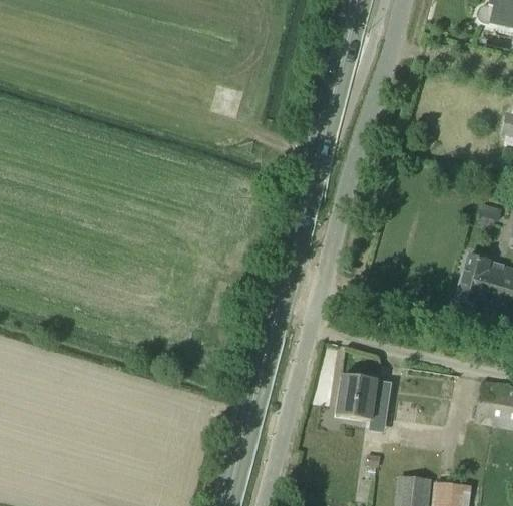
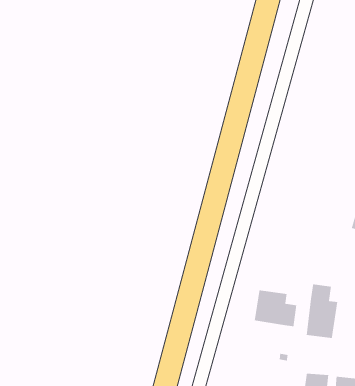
building: none -> [306,283,338,339]

